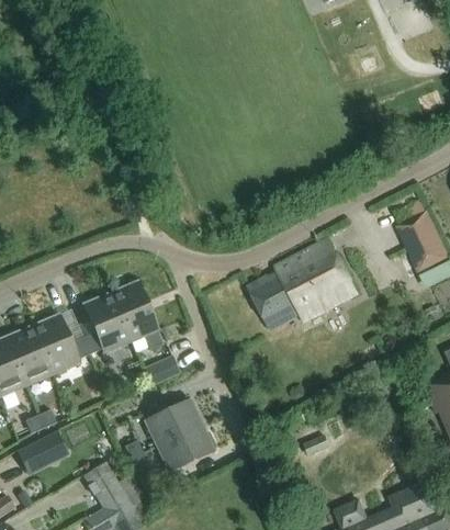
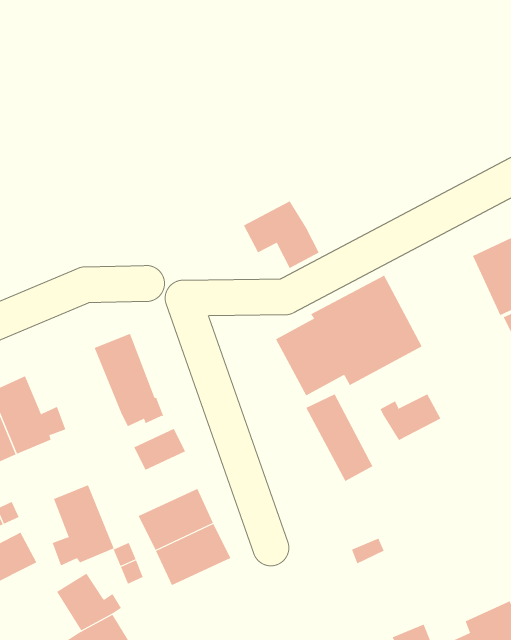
building: none -> [243,200,319,269]
building: [85,293,132,354] -> [52,484,115,566]
building: none -> [380,393,441,441]
building: none -> [306,394,373,482]

